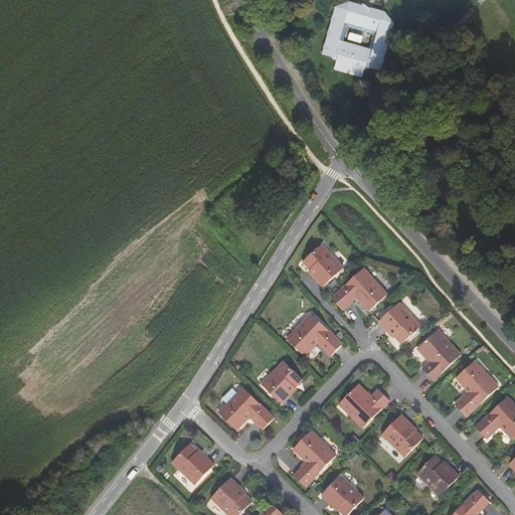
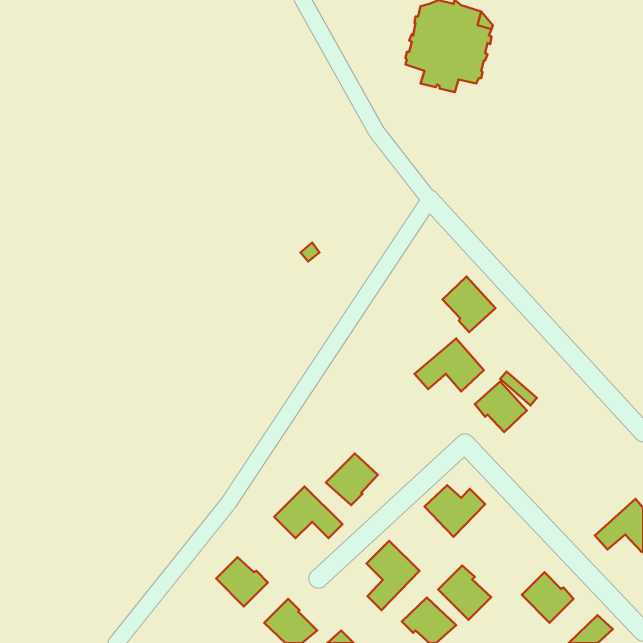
building: [301,242,343,287] -> [443,277,496,332]
building: [286,314,341,356] -> none
building: [421,326,464,380] -> none
building: [454,361,496,415] -> none
building: [380,414,422,458] -> [438,566,491,620]

